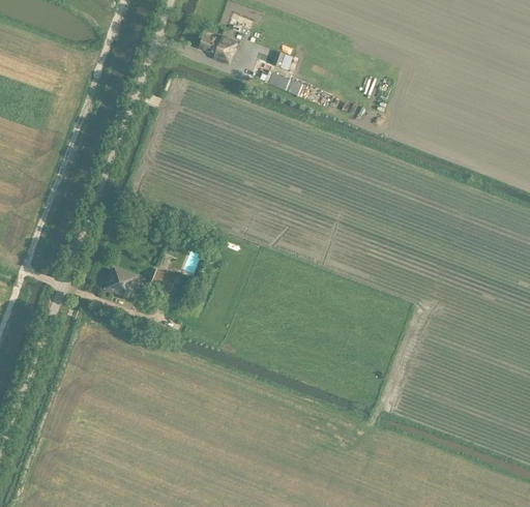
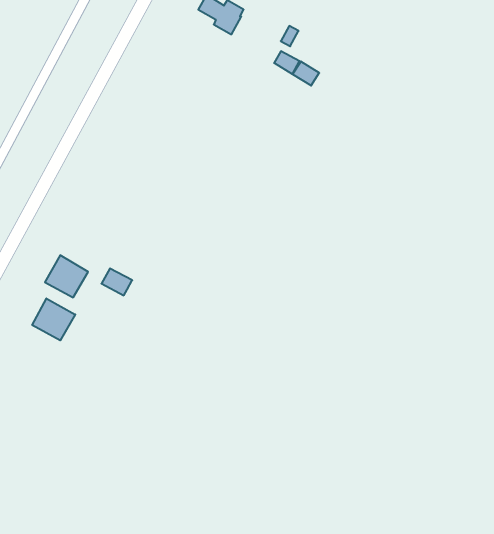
building: none -> [32,298,75,340]

